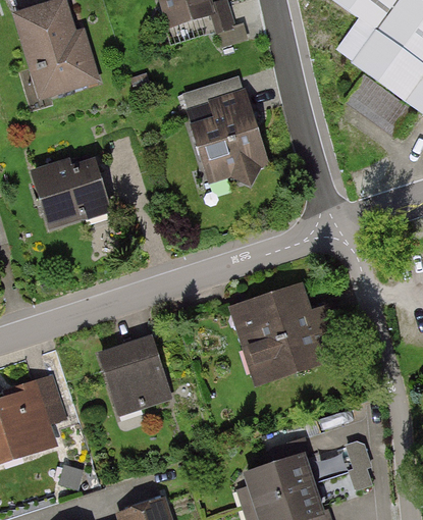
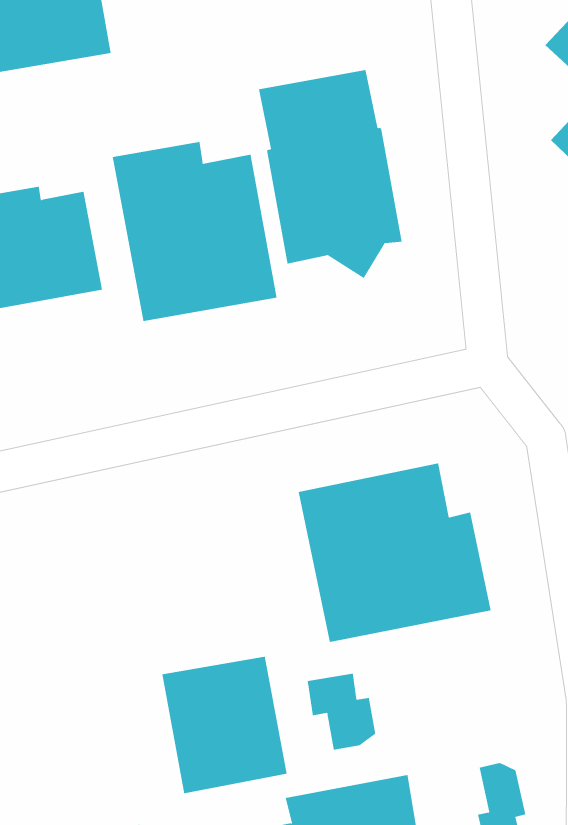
building: none -> [112,141,277,322]
building: [97,335,171,415] -> [161,656,288,794]
building: none -> [307,673,376,750]

